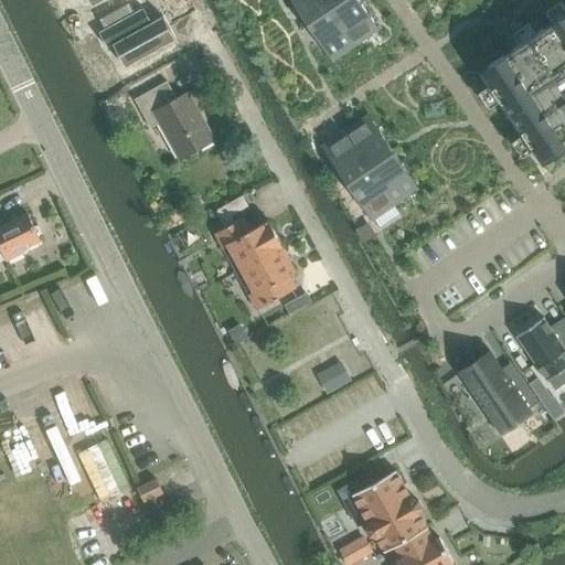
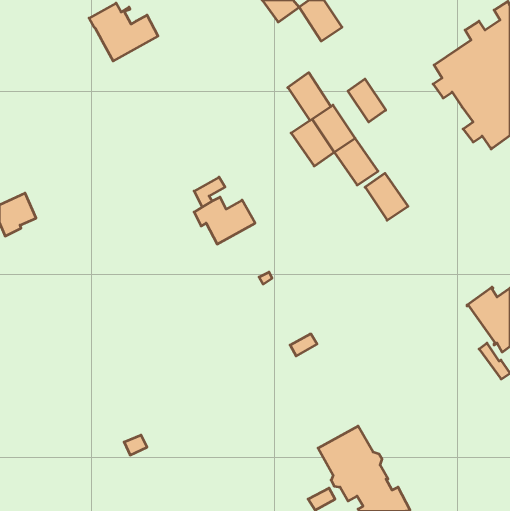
building: [307,8,354,61] -> [288,73,331,121]
building: [135,82,213,158] -> none
building: none -> [348,79,386,122]
building: [347,168,394,220] -> [365,173,408,220]
building: [239,246,296,310] -> none
building: [460,353,537,433] -> none

